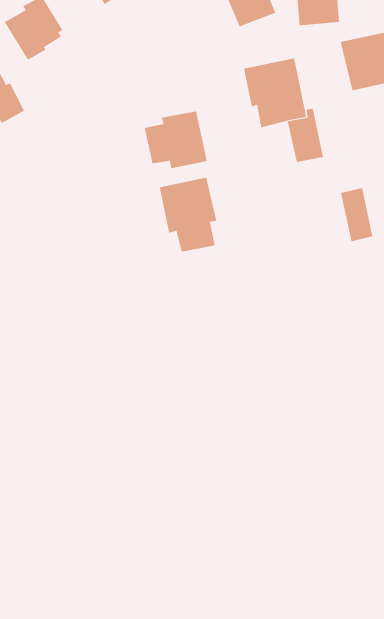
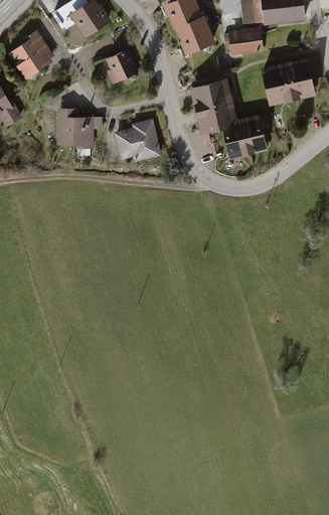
building: none -> [104,50,136,85]
building: none -> [55,107,101,148]
building: [159,177,217,252] -> none
building: [340,188,373,242] -> [241,114,267,155]

